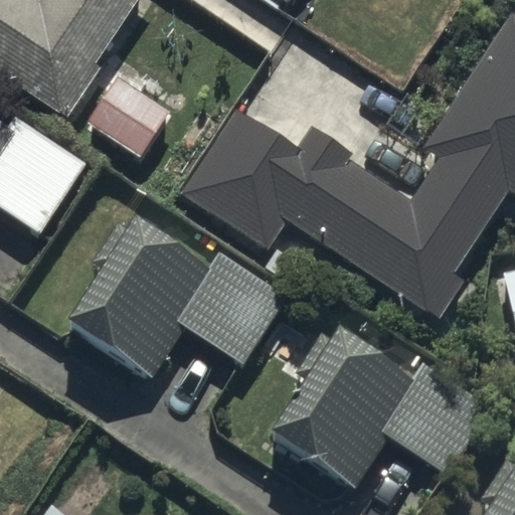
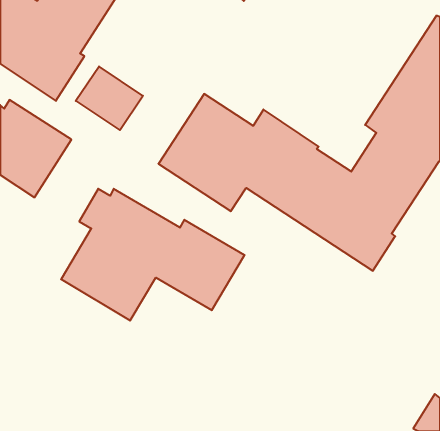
building: [273,334,487,491] -> none

